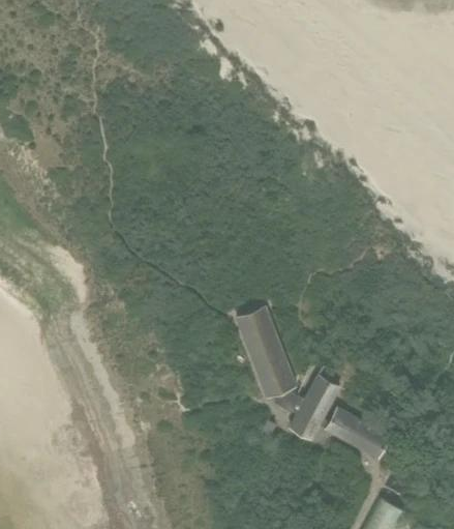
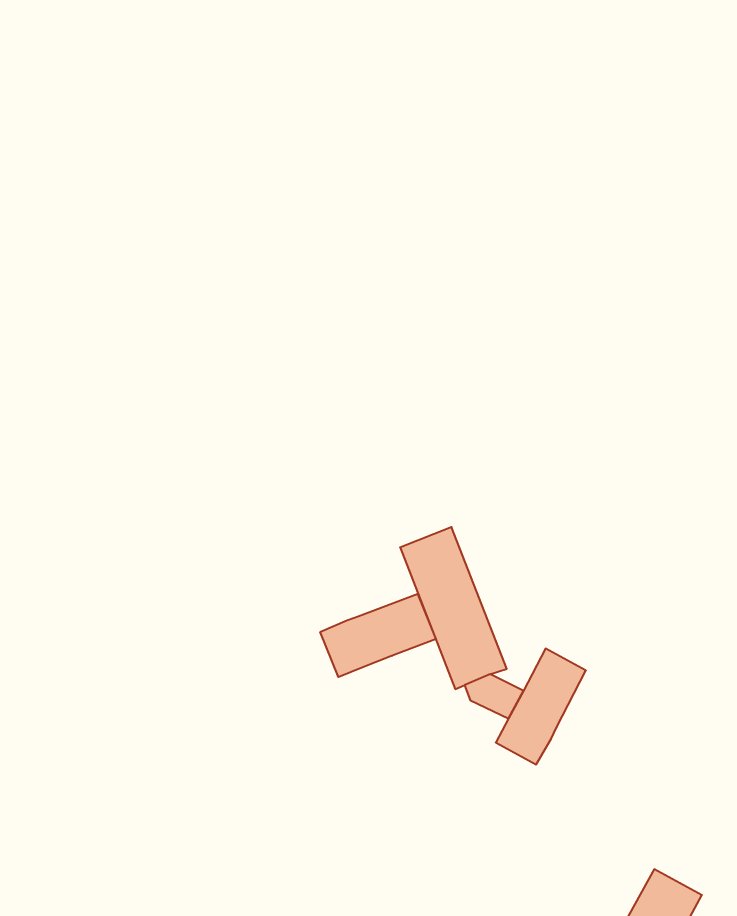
building: none -> [320,594,436,677]
building: [320,407,390,458] -> none

